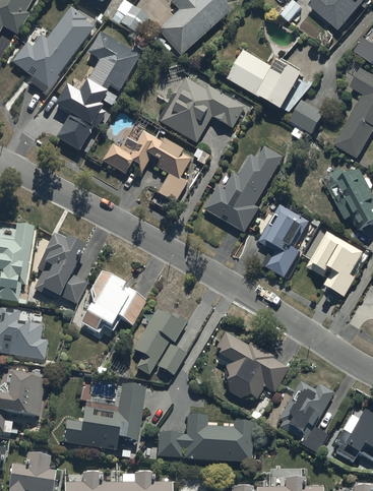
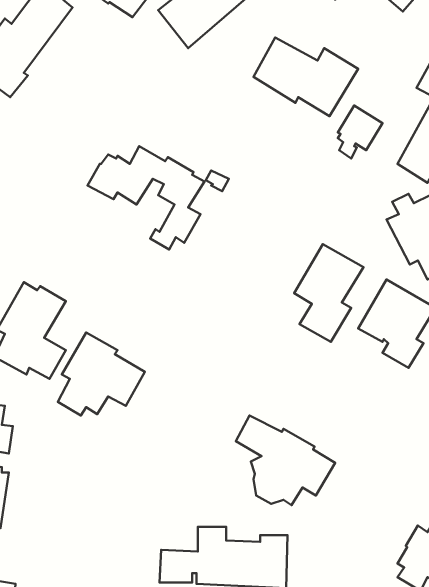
building: [55,30,142,150] -> none
building: [158,77,244,143] -> none
building: [206,145,284,231] -> none
building: [134,308,186,375] -> none
building: [278,381,334,453] -> none
building: [63,382,145,449] -> none

